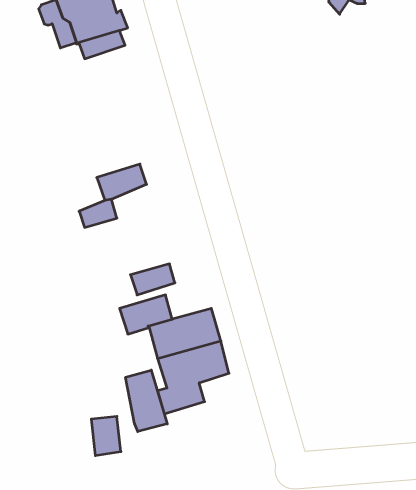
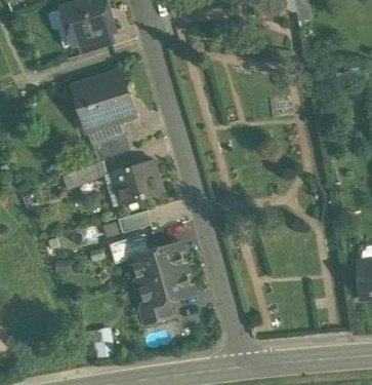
building: none -> [74,70,134,127]
building: none -> [113,159,164,202]
building: [126,370,167,432] -> none

